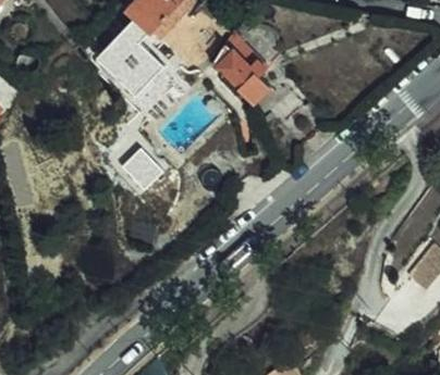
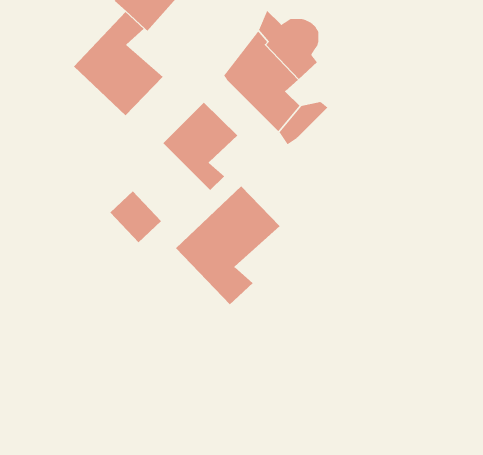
building: none -> [162,102,238,191]
building: none -> [175,186,281,305]

